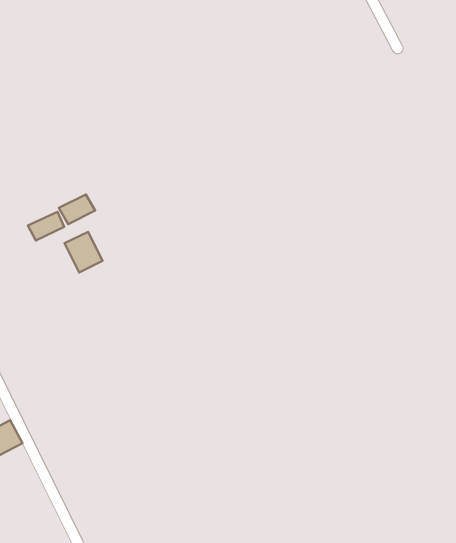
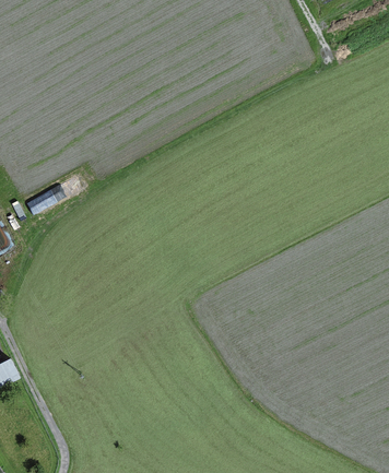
building: [65,232,103,272] -> none

